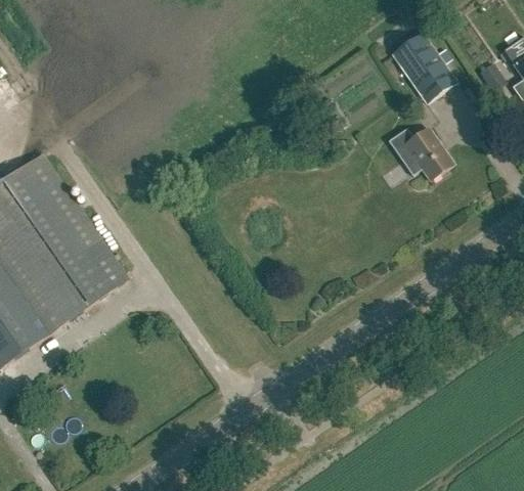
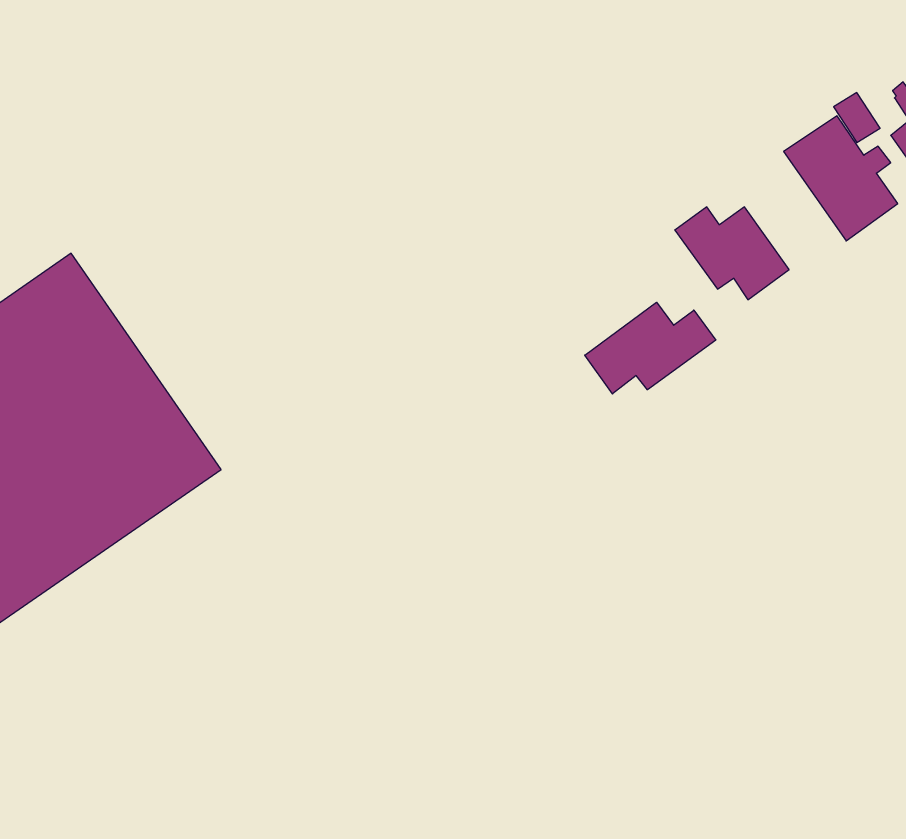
building: [391,32,456,103] -> [784,116,898,241]
building: none -> [585,302,716,394]

